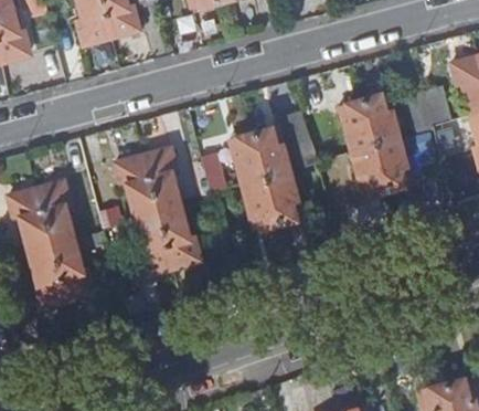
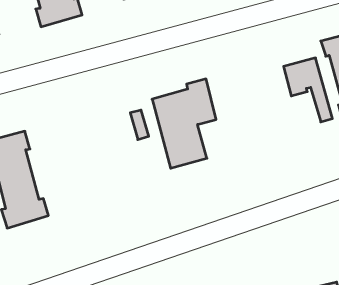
building: [340,93,413,197] -> none
building: [116,148,201,275] -> none

